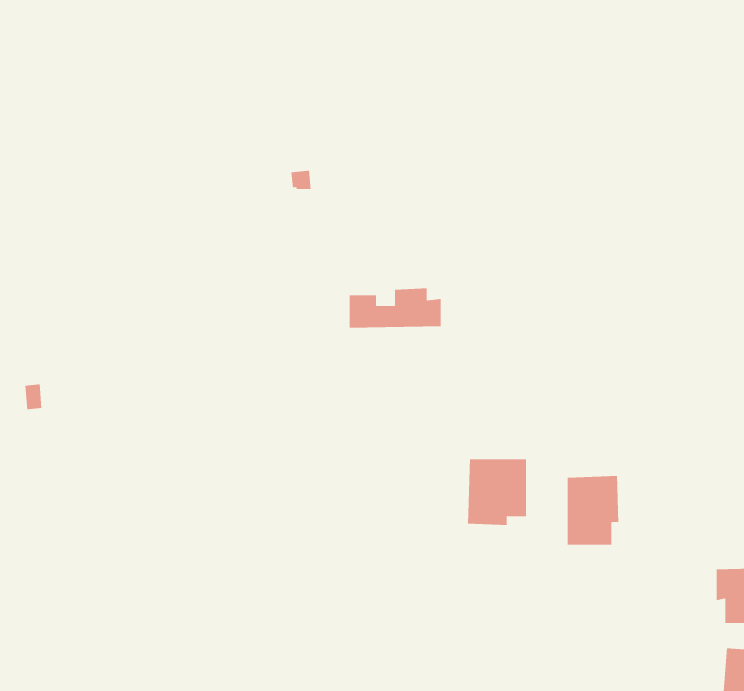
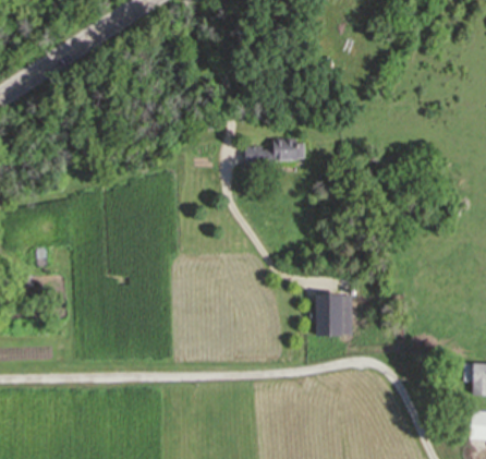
building: [349,288,442,328] -> [245,138,303,164]
building: [567,475,619,546] -> none

